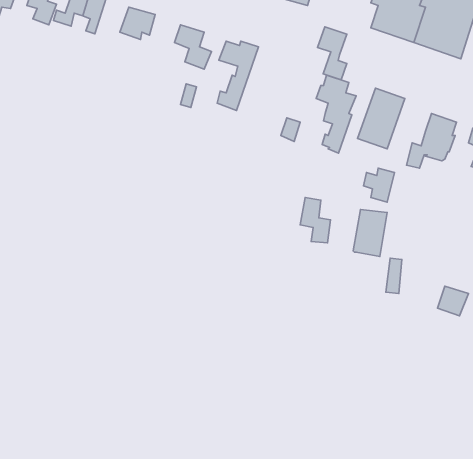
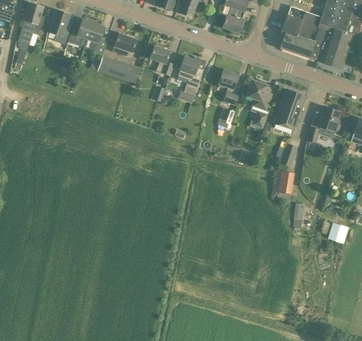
building: [317,27,347,80] -> [218,69,238,105]
building: none -> [87,52,140,82]
building: [300,198,331,243] -> none

